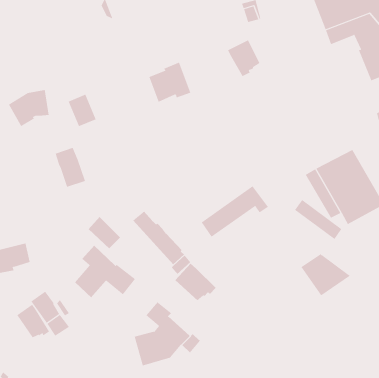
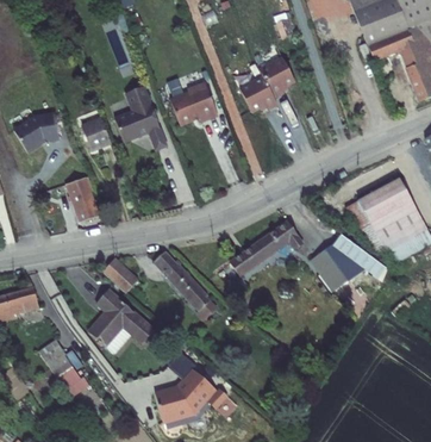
building: none -> [239,75,279,113]
building: none -> [114,86,168,151]
building: [300,253,350,296] -> [310,245,366,293]
building: [175,263,216,301] -> none
building: [16,304,50,338] -> none

